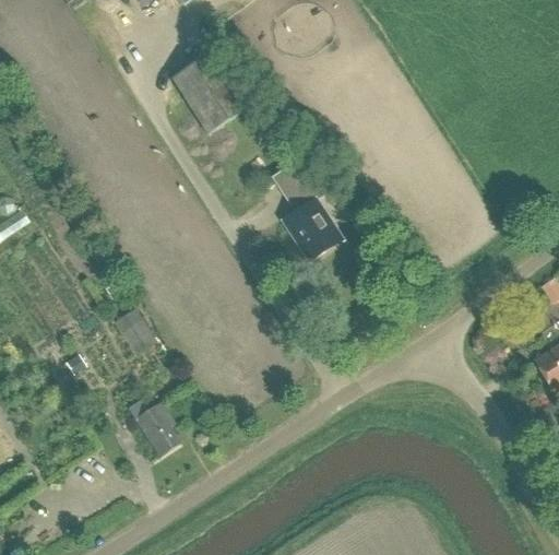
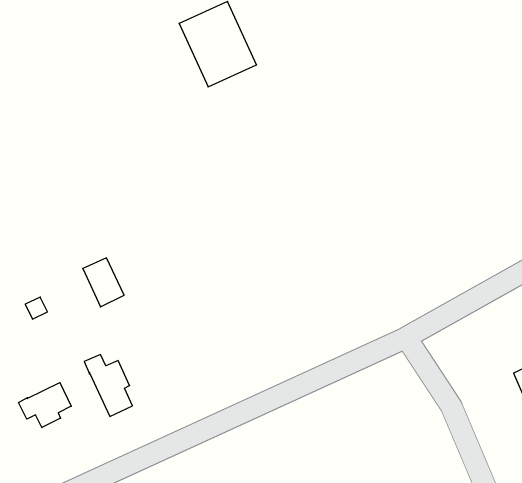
building: [283,175,342,259] -> none
building: none -> [19,383,71,428]

